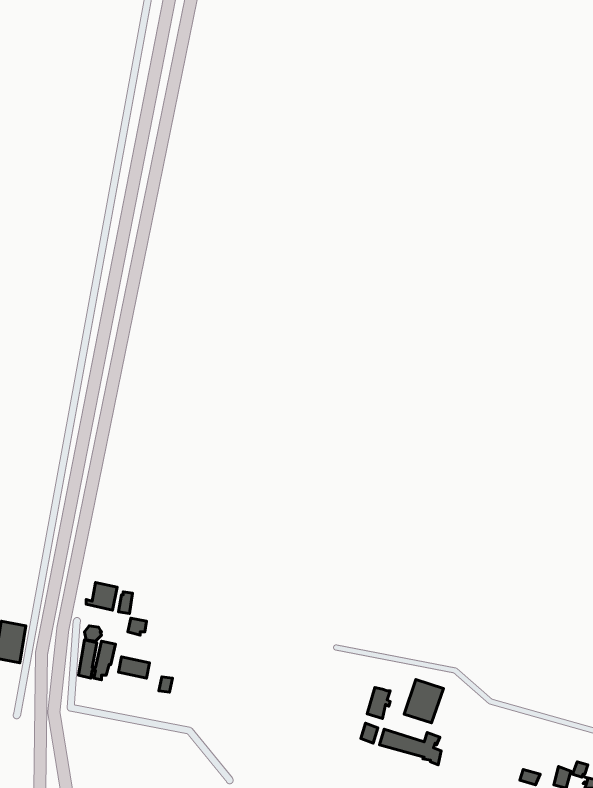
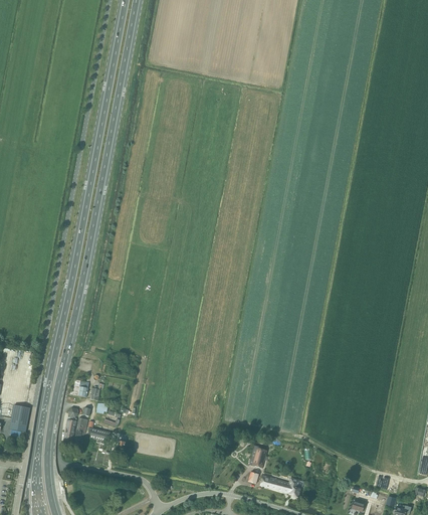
building: [404,680,443,723] -> none

